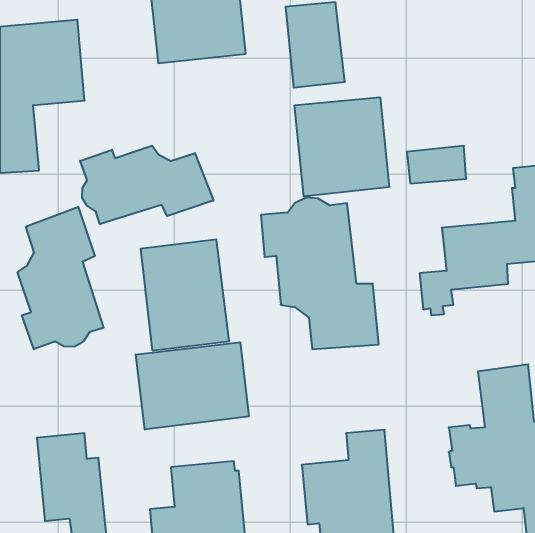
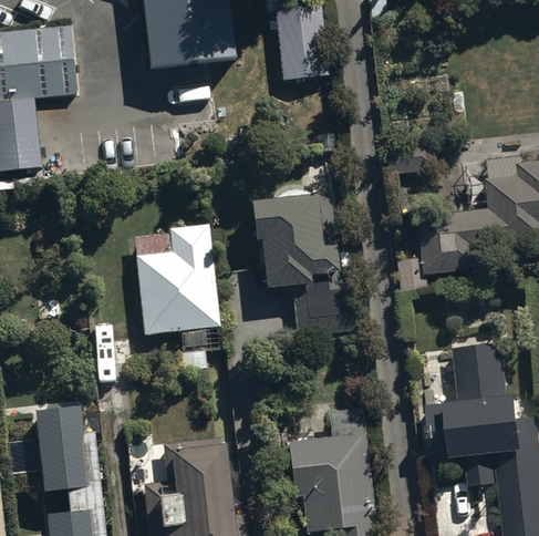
building: [295,97,389,197] -> none
building: [80,146,213,224] -> none
building: [18,207,104,349] -> none
building: [136,342,249,430] -> none

